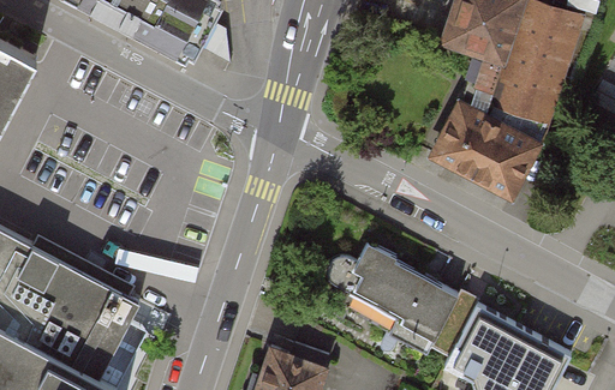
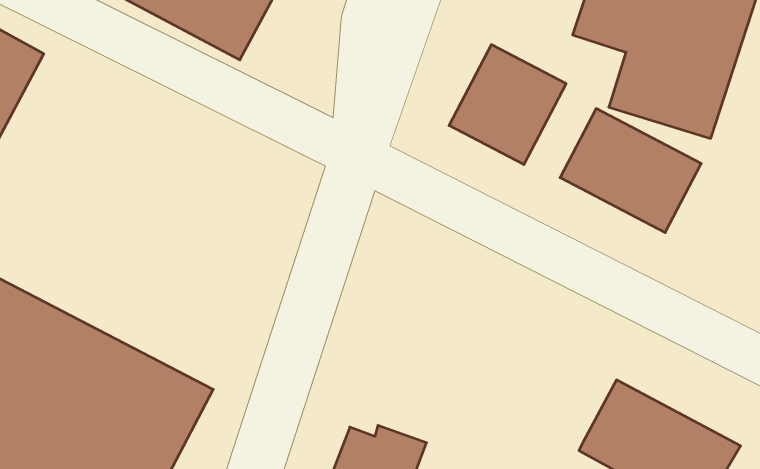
building: none -> [449,45,566,165]
building: [321,248,473,354] -> none

